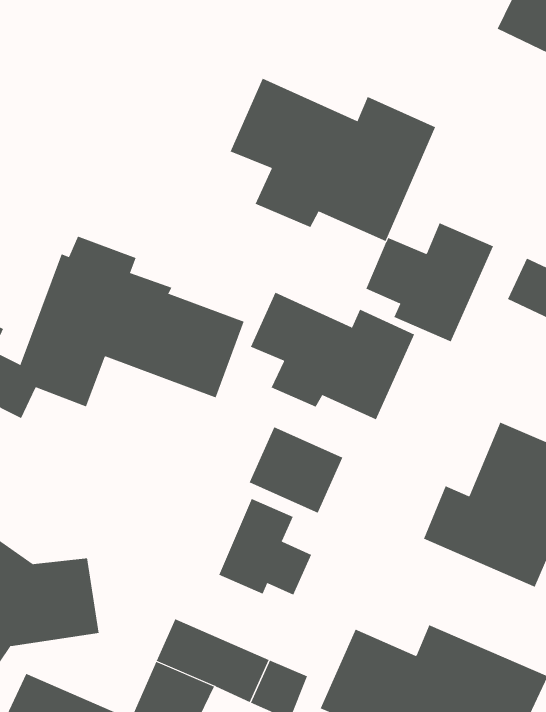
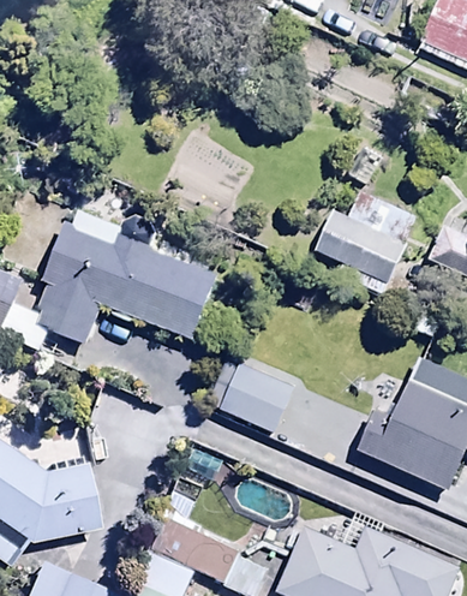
building: [230,78,436,242] -> none
building: [250,292,415,420] -> none
building: [218,498,312,595] -> none

